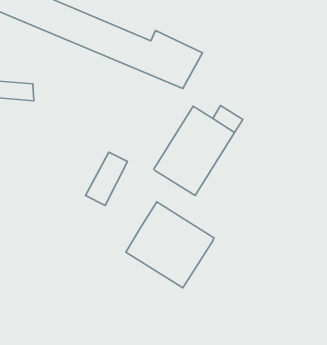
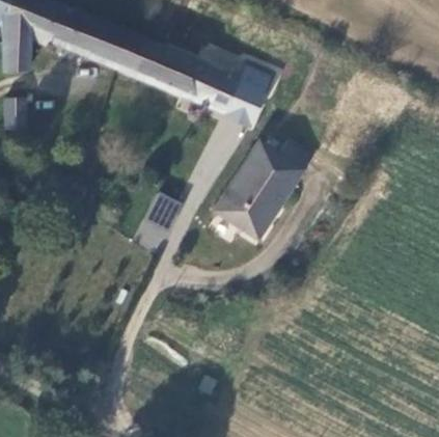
building: [126,202,214,288] -> none

